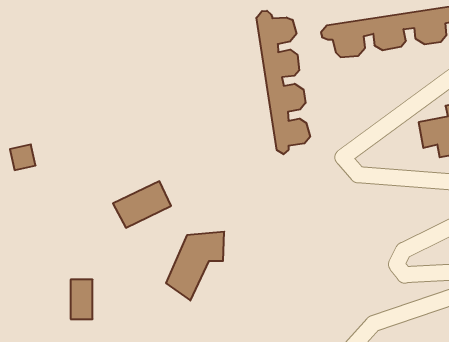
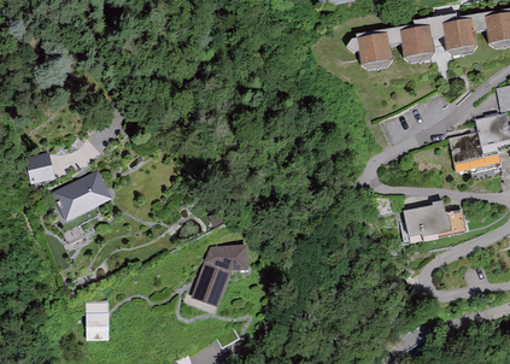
building: [256,11,310,154] -> none
building: [113,181,171,228] -> [52,174,112,222]
building: none -> [398,201,461,237]

